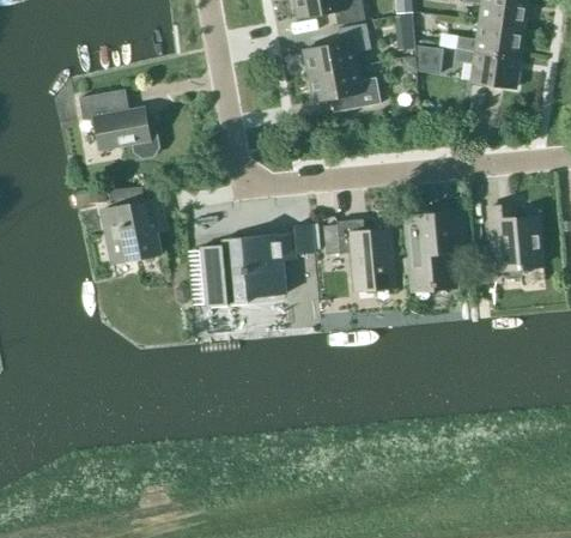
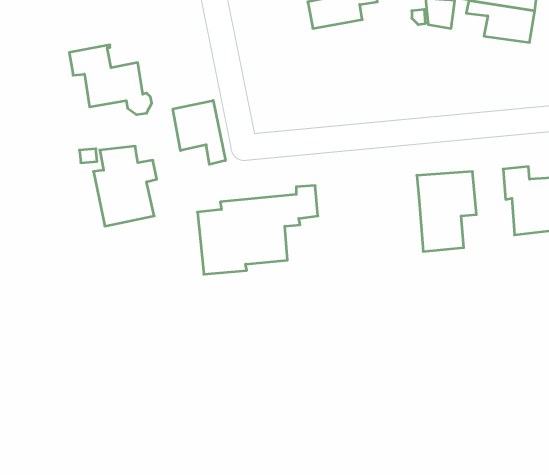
building: [309,66,381,108] -> none
building: none -> [173,100,225,164]
building: [323,218,395,290] -> none

